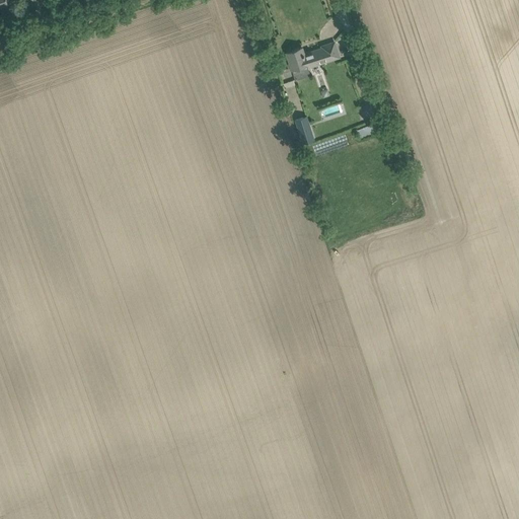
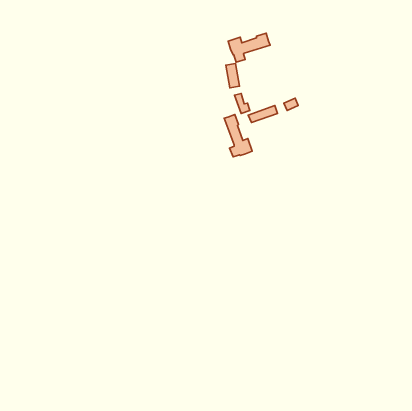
building: none -> [224,114,252,157]

